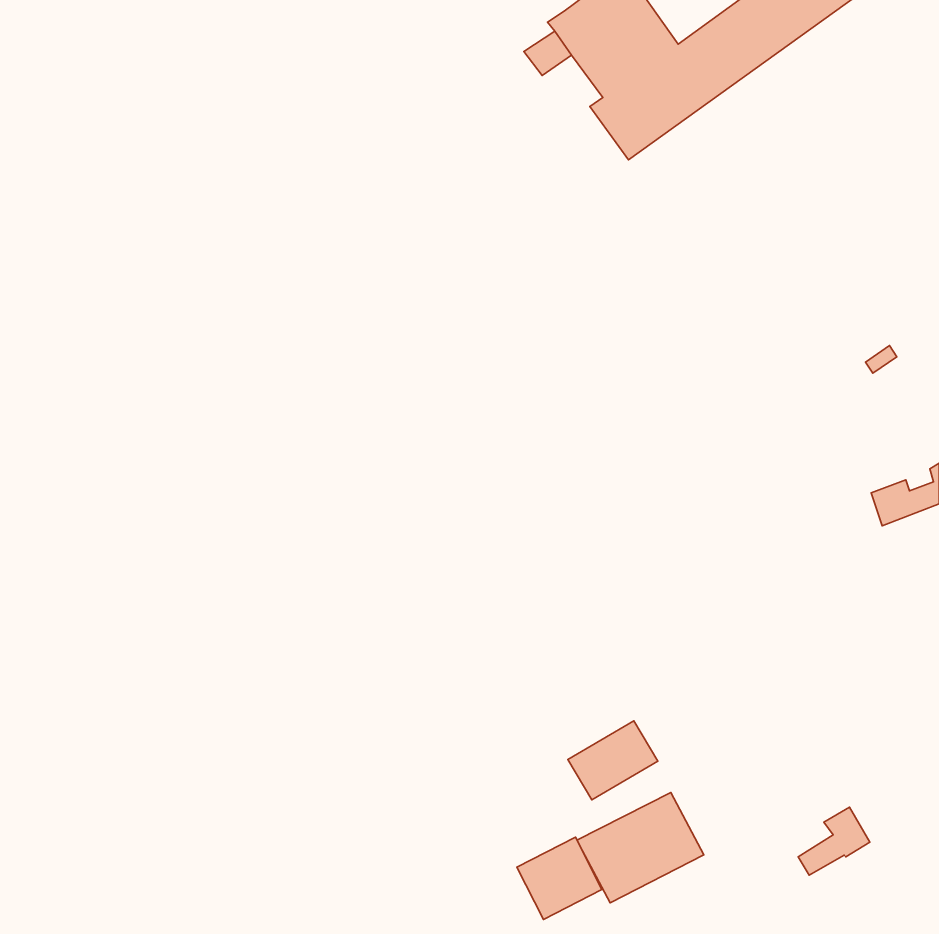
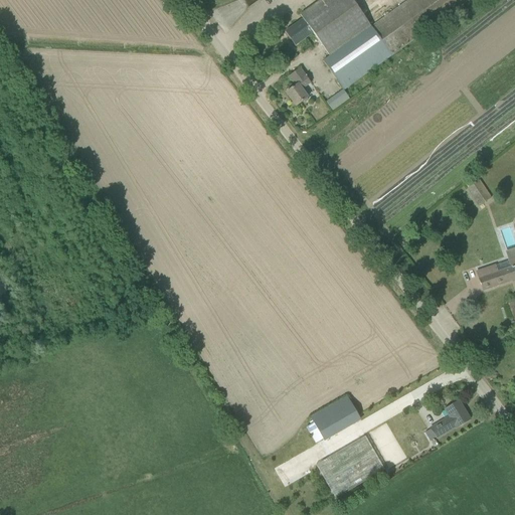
building: none -> [286,65,311,104]
building: [798,807,870,875] -> [431,398,470,436]
building: [517,837,602,919] -> none

